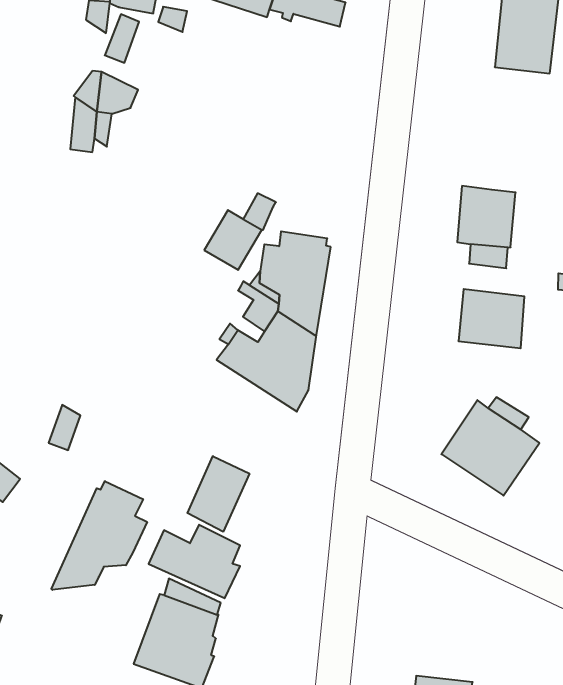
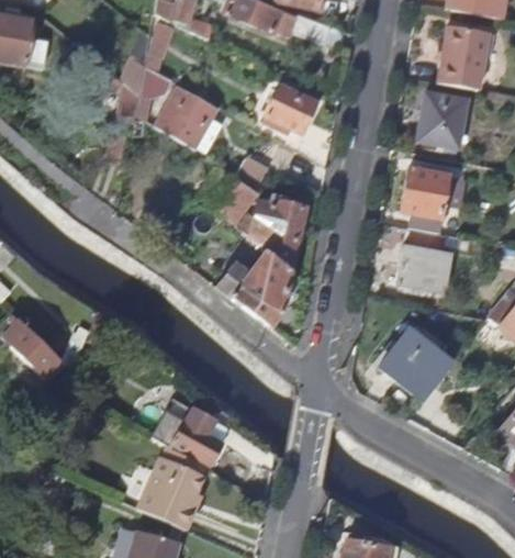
building: none -> [418,92,467,146]
building: none -> [266,85,317,133]
building: none -> [156,89,215,149]
building: [187,456,249,532] -> none
building: [51,481,147,590] -> none

